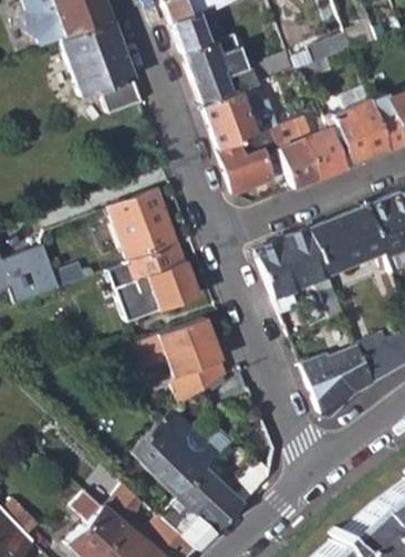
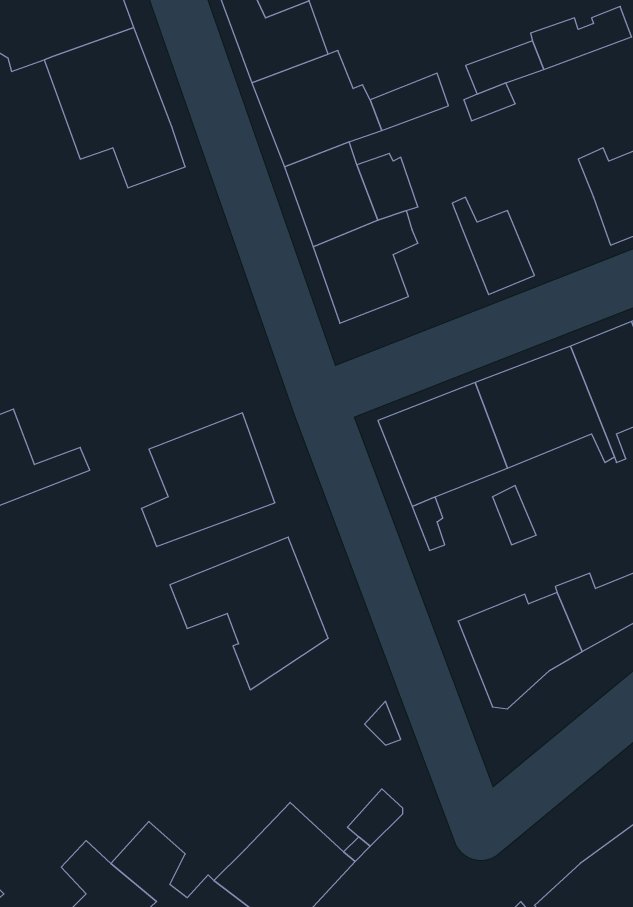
building: [325,83,391,165] -> none
building: [276,136,320,186] -> none
building: [107,191,177,263] -> none
building: [132,410,230,497] -> none

